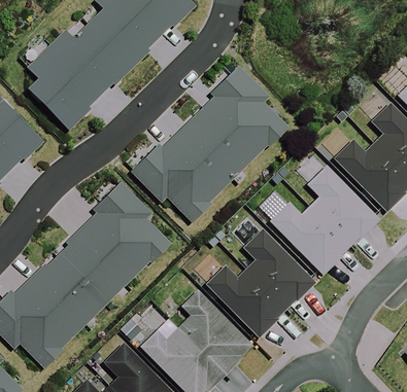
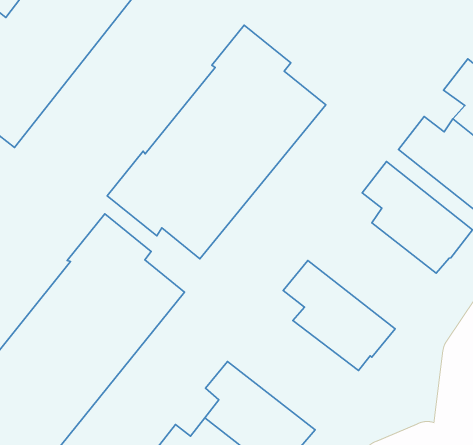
building: [268,204,348,278] -> none
building: [205,265,286,338] -> none

